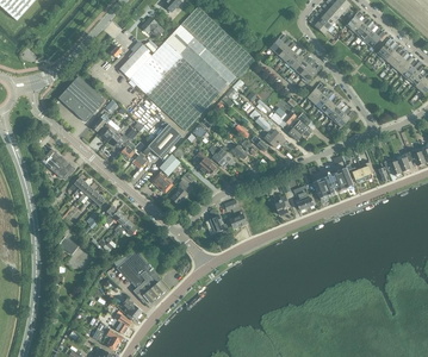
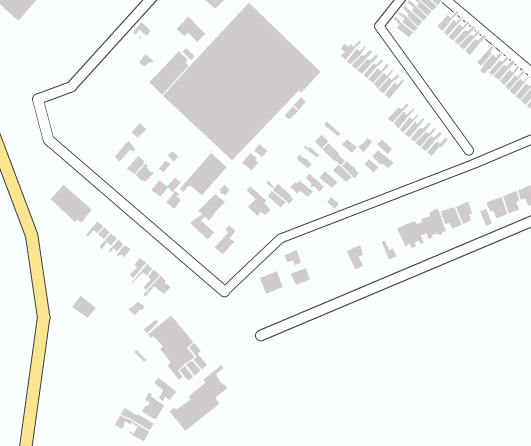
building: [57,74,103,120] -> none
building: none -> [169,364,228,432]

